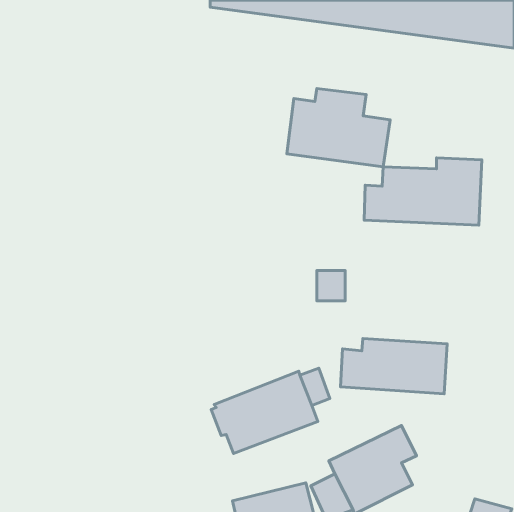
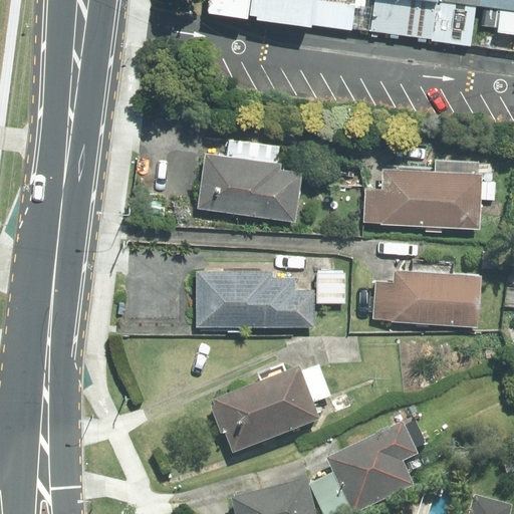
building: [287,89,390,167] -> [198,142,301,220]
building: none -> [197,271,312,325]
building: [341,339,447,394] -> [372,270,479,325]

